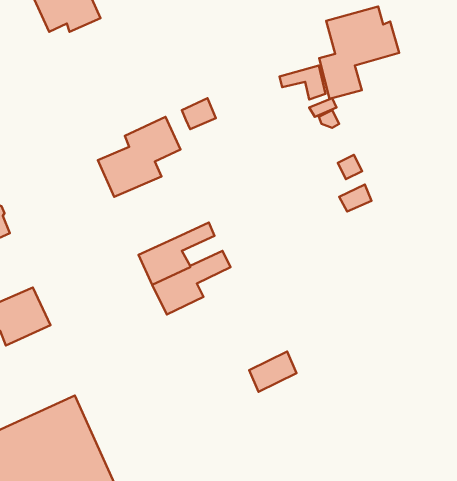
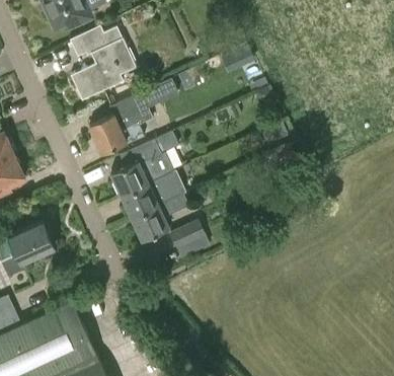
building: [319,6,399,99] -> none
building: none -> [69,26,135,100]
building: none -> [109,139,172,197]
building: [249,351,297,392] -> [169,219,205,249]

